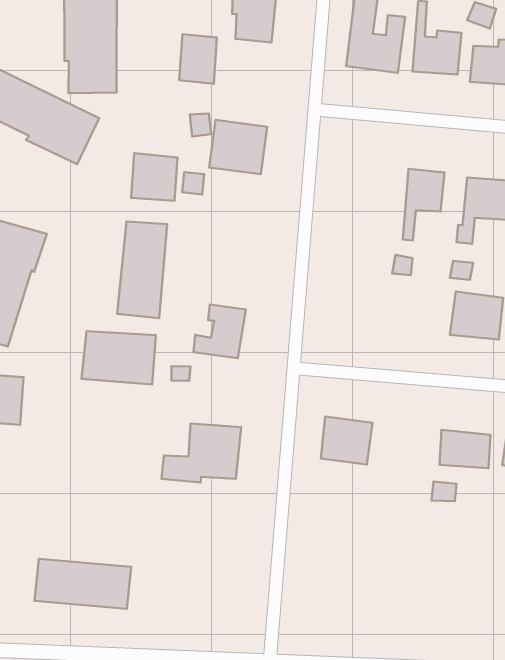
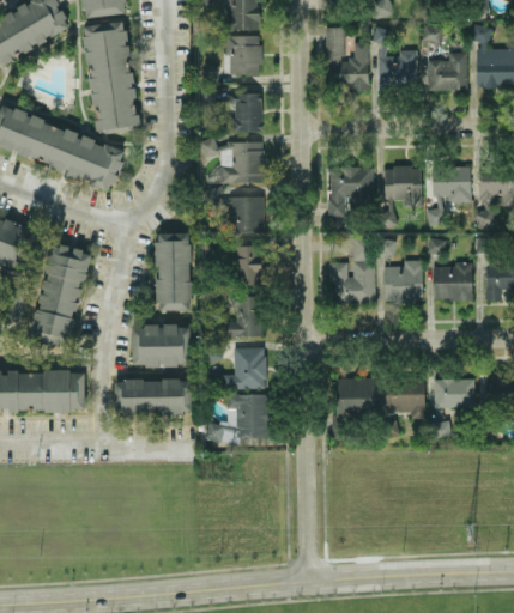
building: [179,34,217,84] -> [232,93,262,132]
building: [131,153,177,201] -> [228,196,265,233]
building: none -> [329,168,371,217]
building: none -> [234,244,261,285]
building: none -> [329,237,374,304]
building: none -> [383,260,422,301]
building: none -> [223,347,265,388]
building: none -> [385,380,424,418]
building: [34,559,131,609] -> [114,378,191,414]

